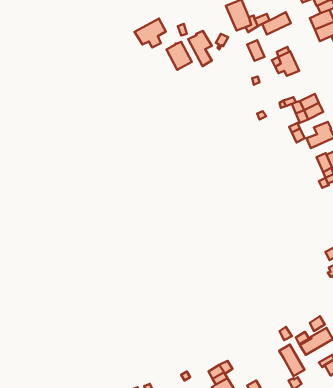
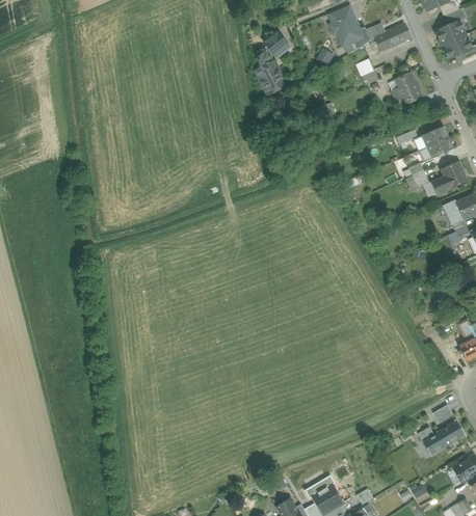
building: [134,18,166,47] -> none
building: [188,31,212,66] -> none
building: [279,344,304,376] -> none

